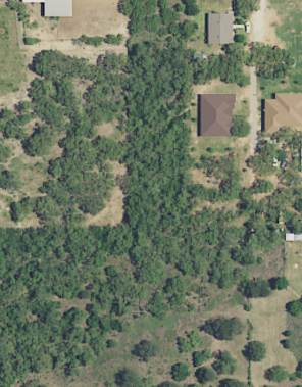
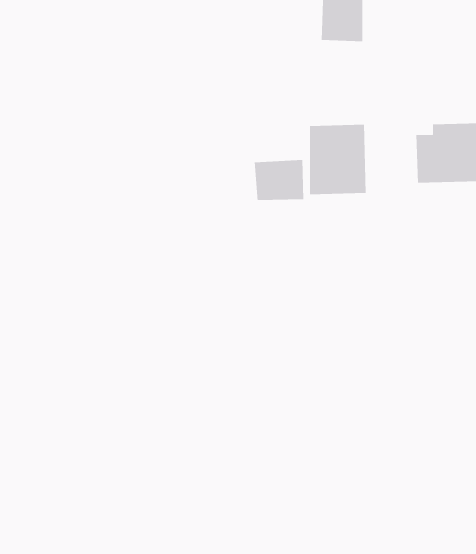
building: none -> [254,159,304,201]

